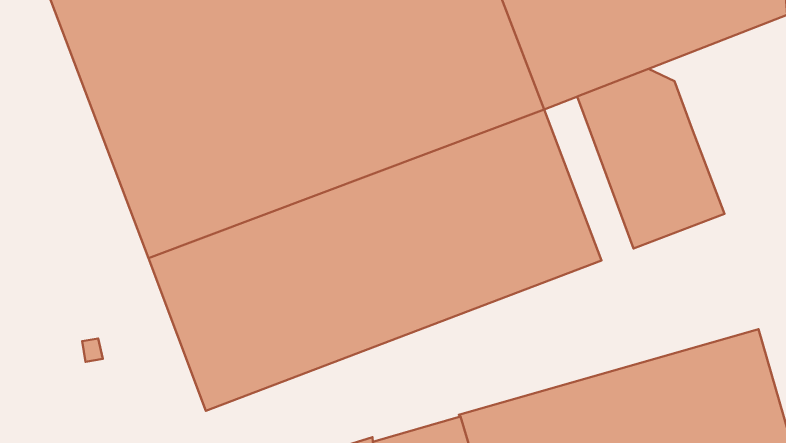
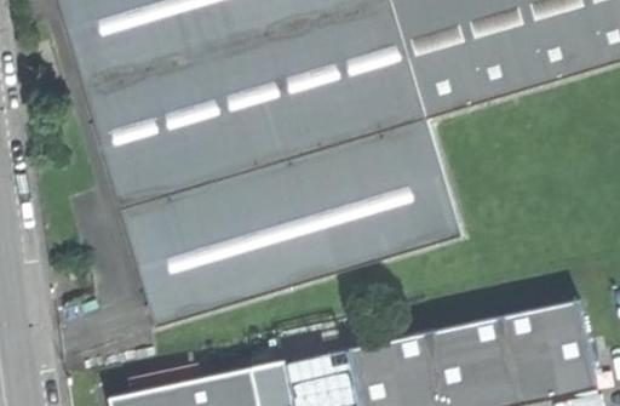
building: [577,69,724,248] -> none

